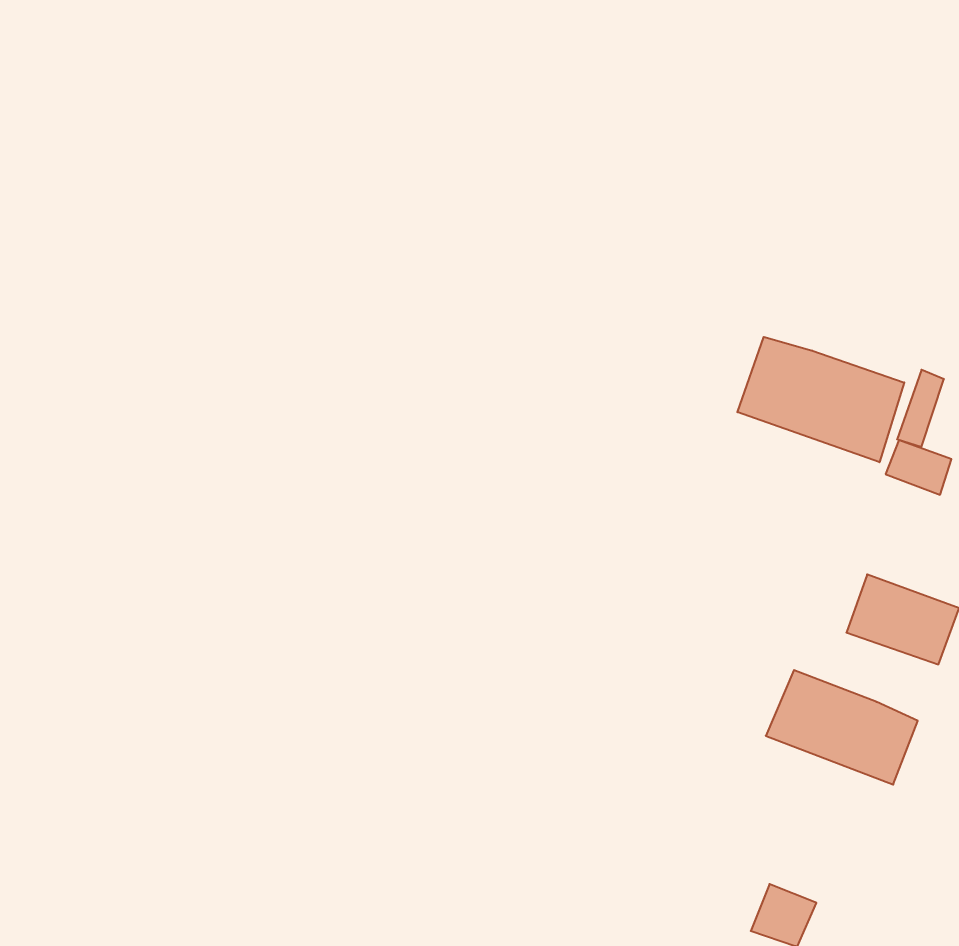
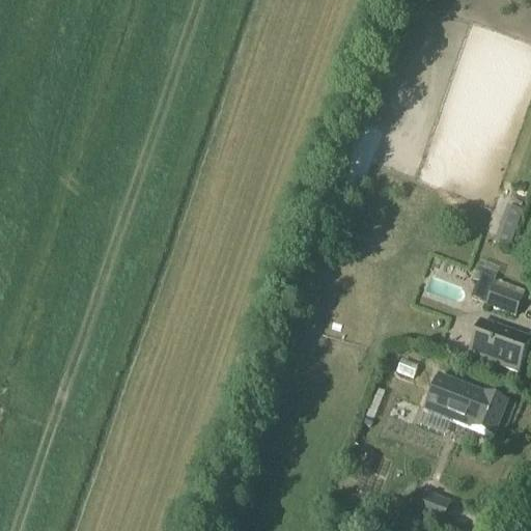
building: [737,337,904,462] -> none
building: [886,440,951,495] -> [485,282,522,312]

